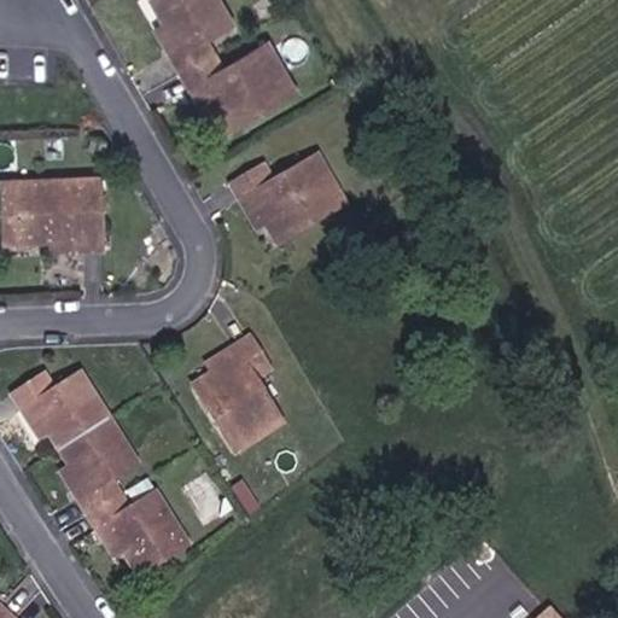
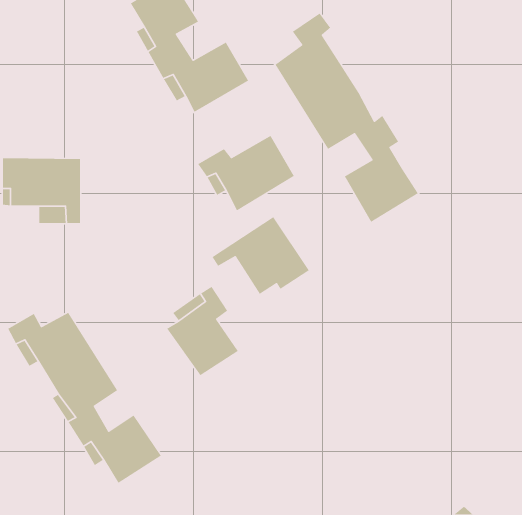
building: none -> [275,13,419,223]
building: none -> [211,216,310,295]

